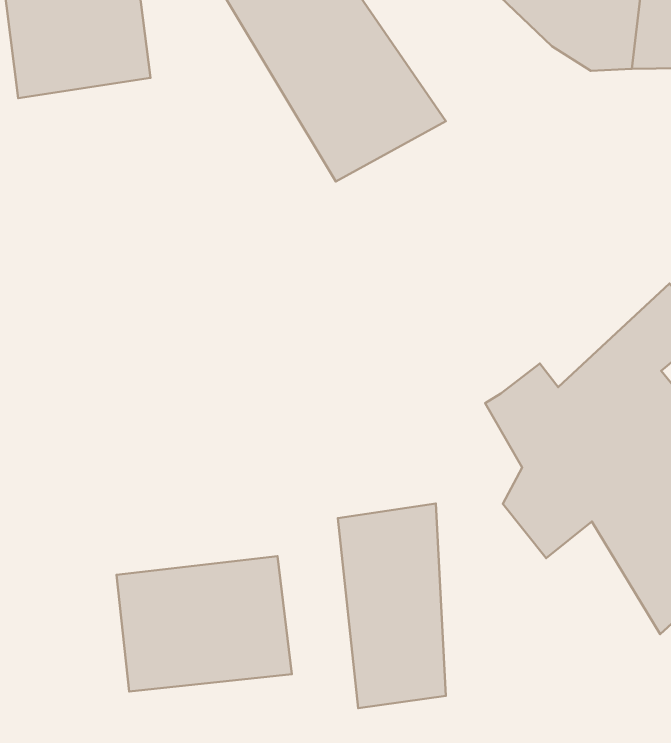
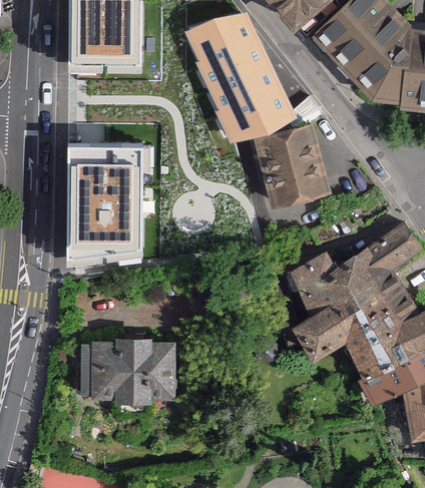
building: none -> [253,122,332,207]
building: none -> [65,146,140,270]
building: [338,503,446,708] -> none

